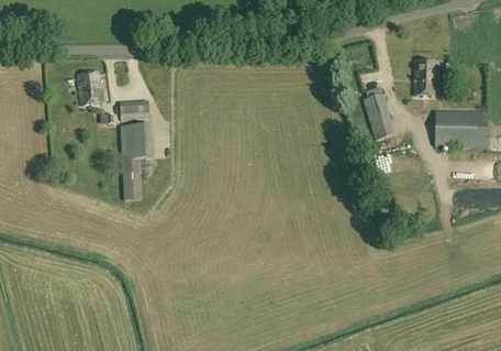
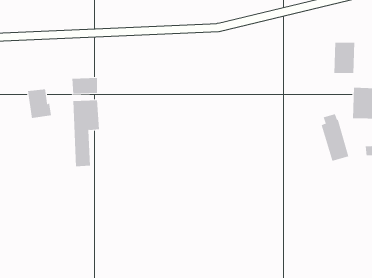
building: [77,72,104,105] -> [27,89,52,118]
building: [364,86,396,140] -> [321,113,349,161]

